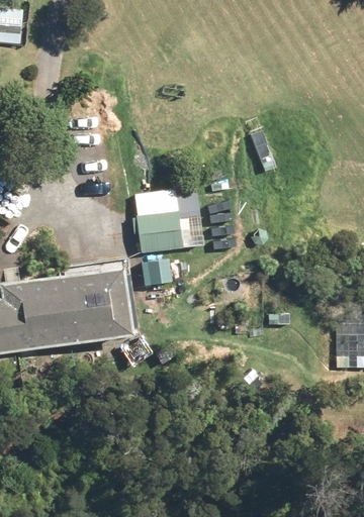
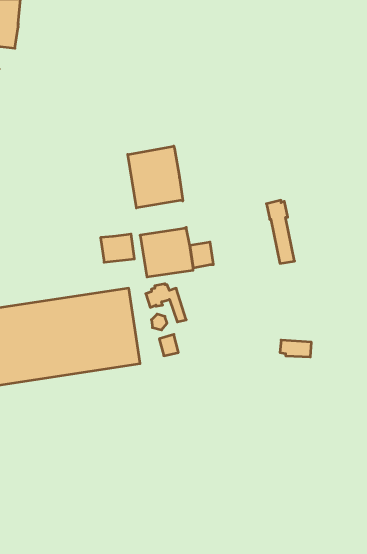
building: none -> [128,146,183,208]

